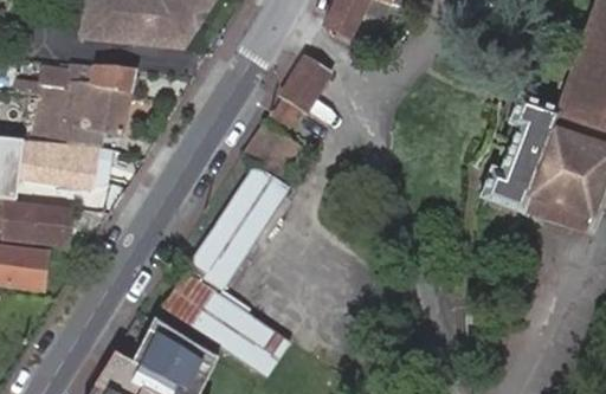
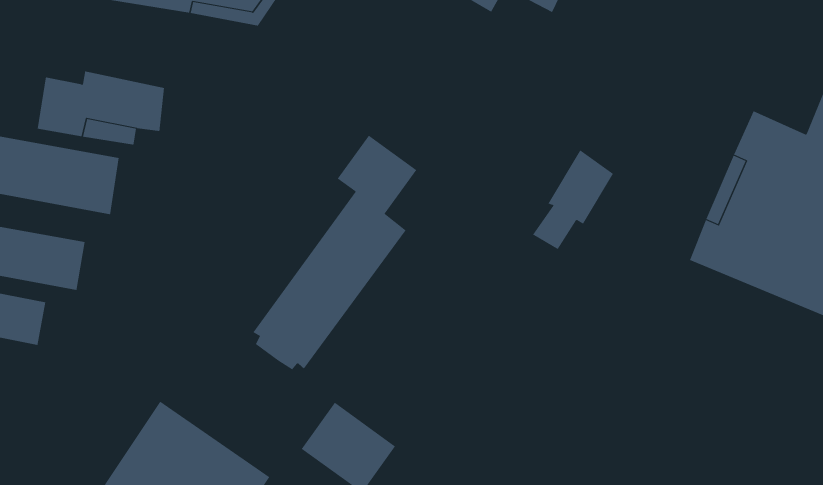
building: [271,58,325,129] -> [532,150,614,250]
building: [40,66,124,98] -> none
building: [169,270,253,344] -> none

